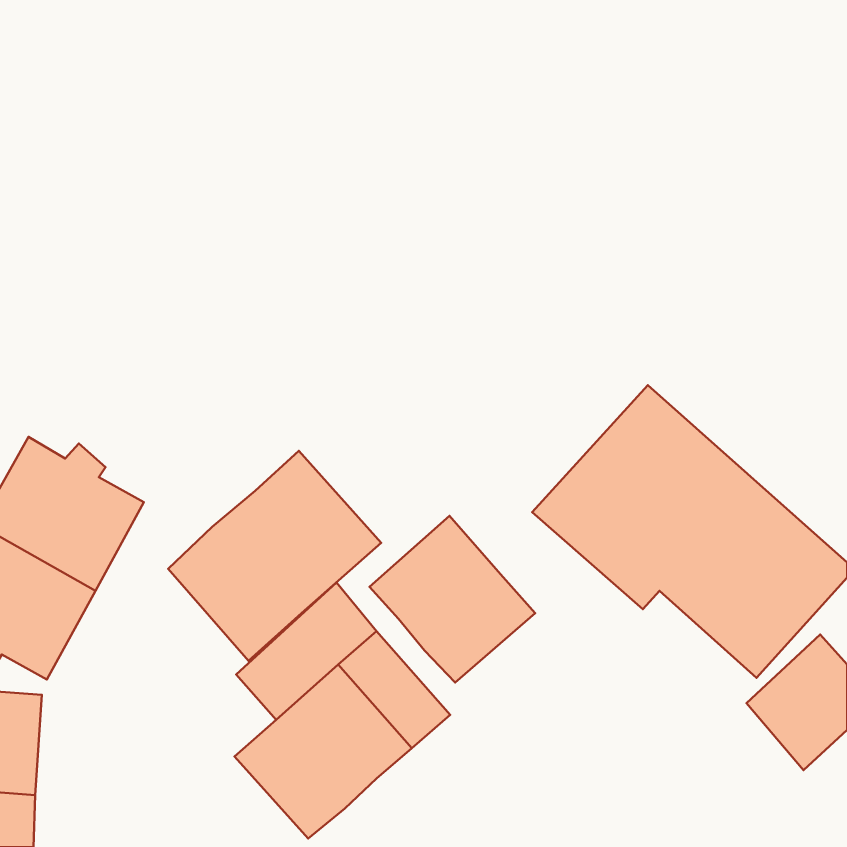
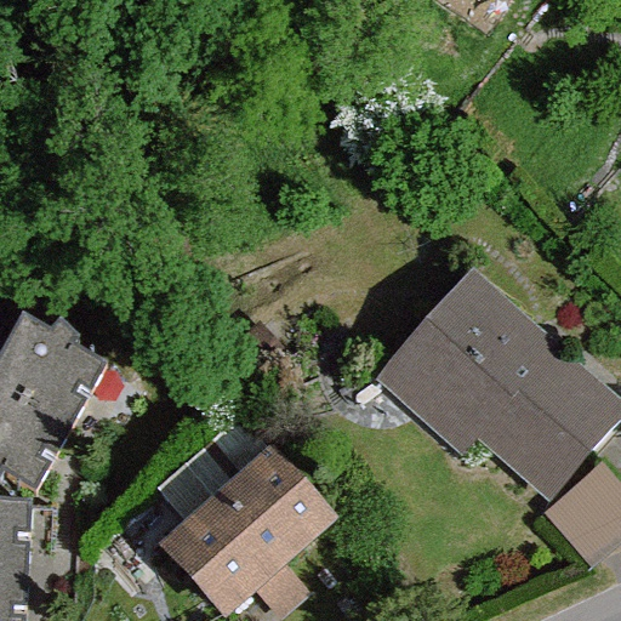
building: [168,451,381,661] -> none
building: [369,516,535,683] -> none

